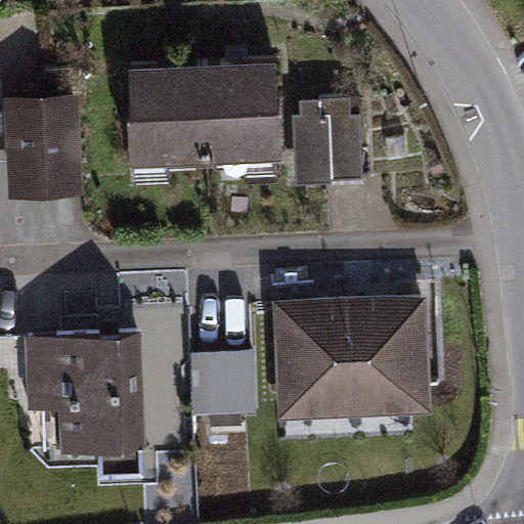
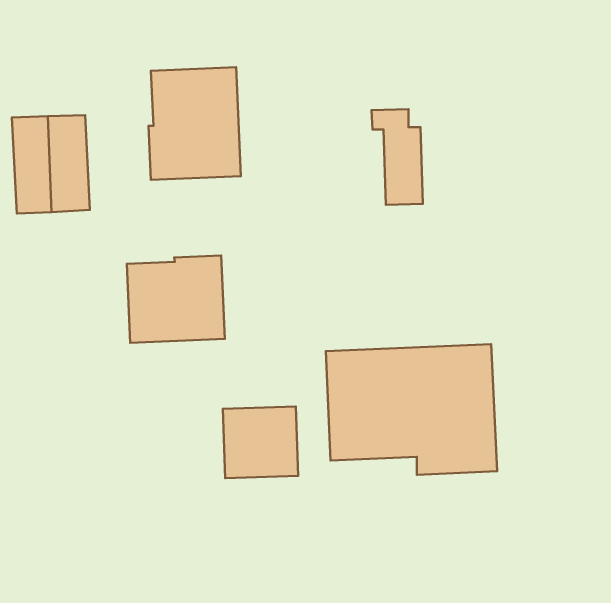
building: [202,62,281,159] -> none
building: none -> [127,256,225,343]
building: [28,336,142,479] -> none

